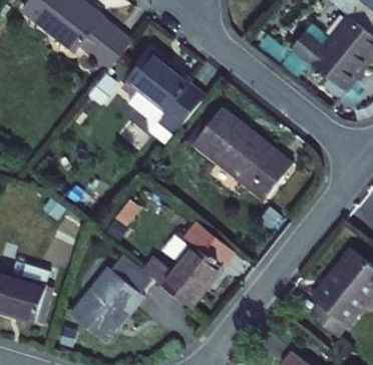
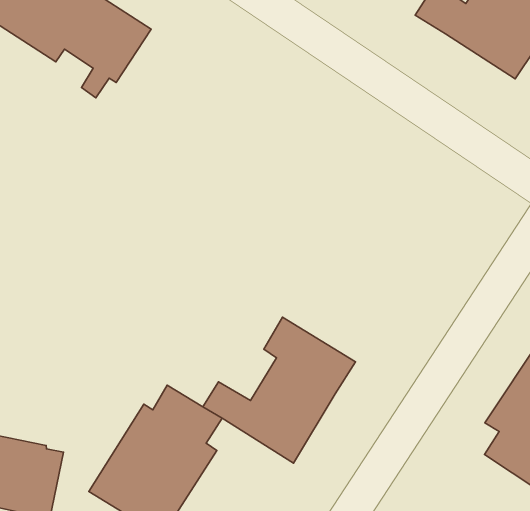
building: [124,46,206,134] -> none
building: [191,104,293,201] -> none

